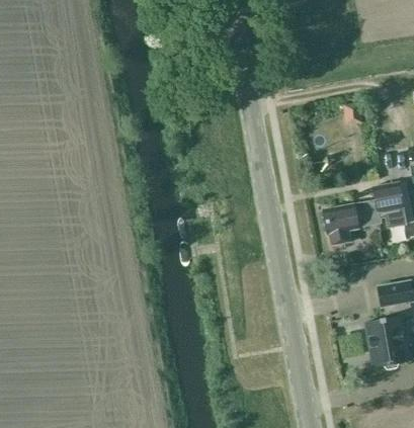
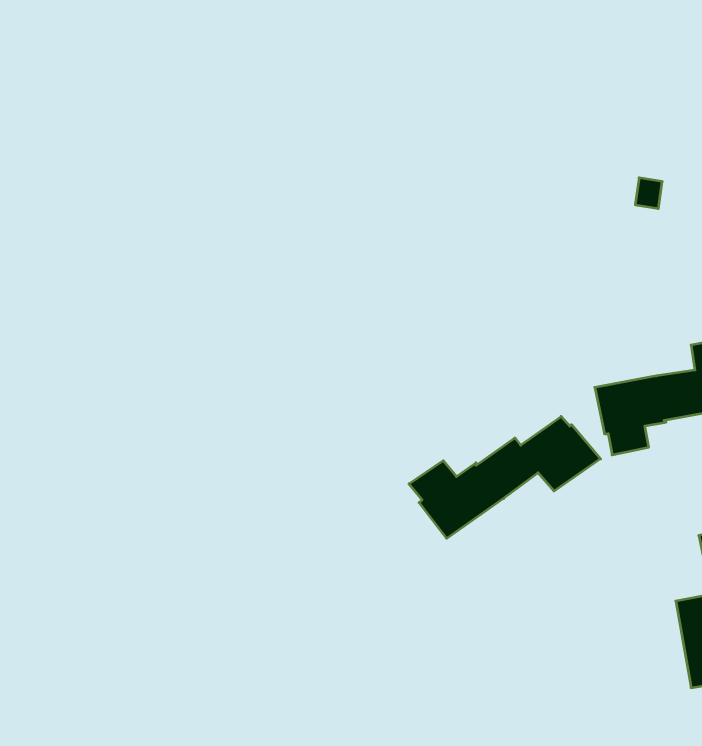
building: none -> [409,416,601,538]

